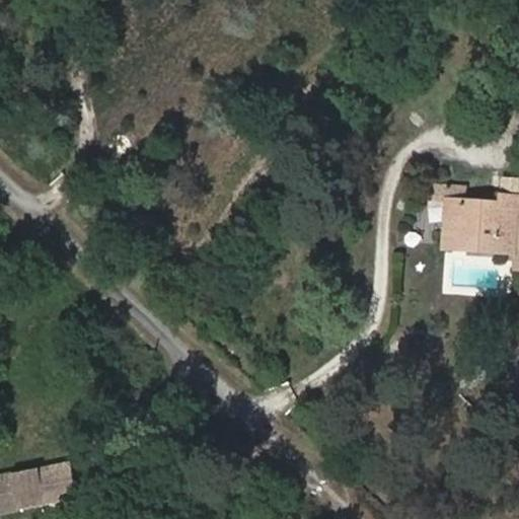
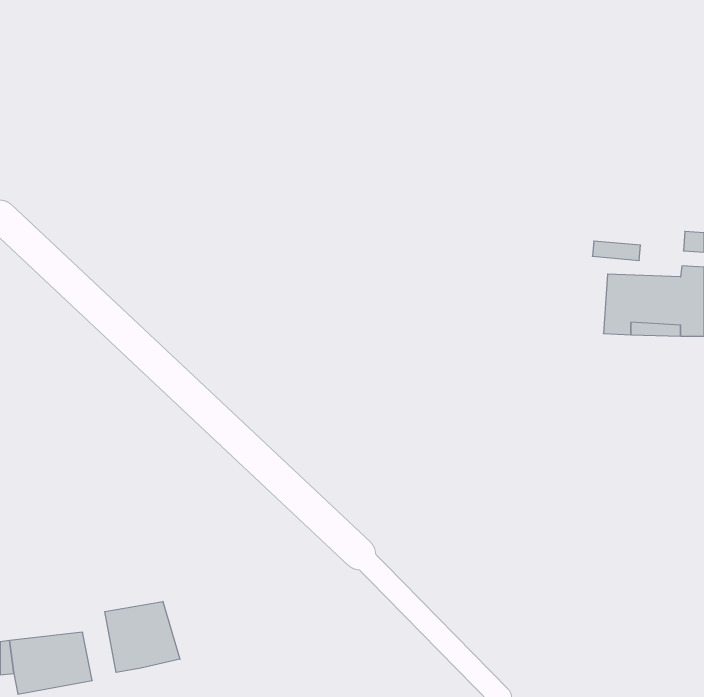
building: none -> [105,601,180,672]

